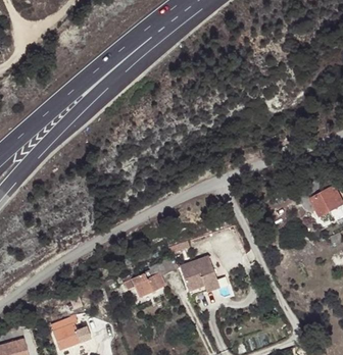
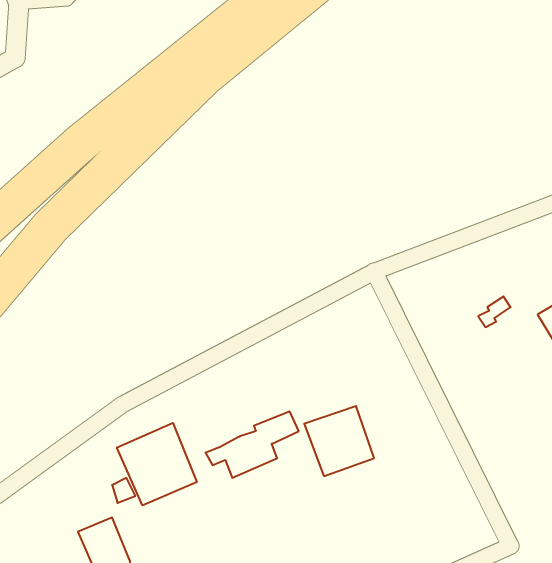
building: none -> [117,423,197,505]

